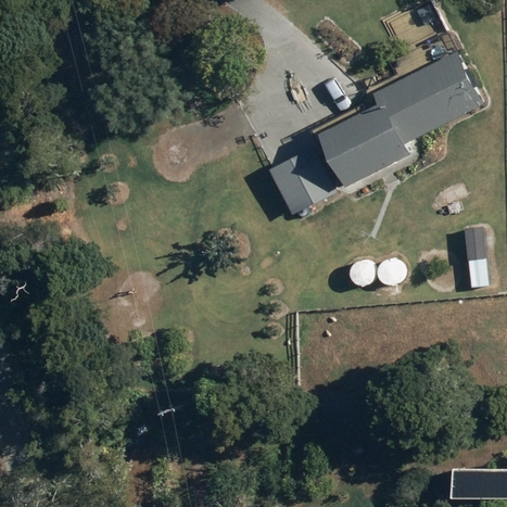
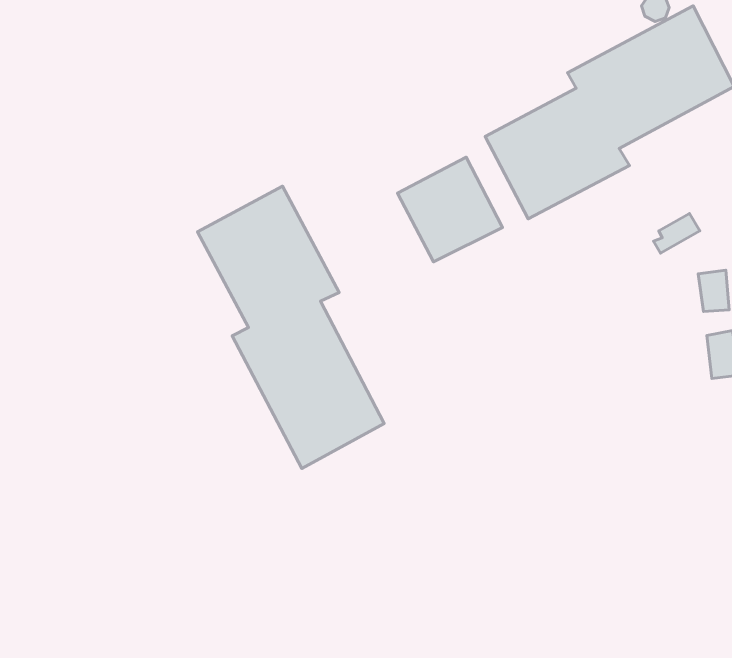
building: none -> [198,186,384,469]

